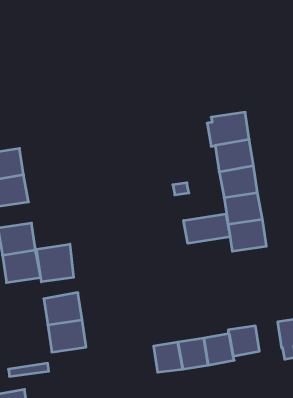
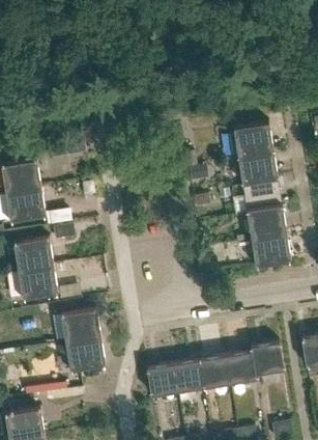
building: [184,214,230,243] -> none
building: [36,244,74,282] -> none
building: none -> [147,364,178,396]

